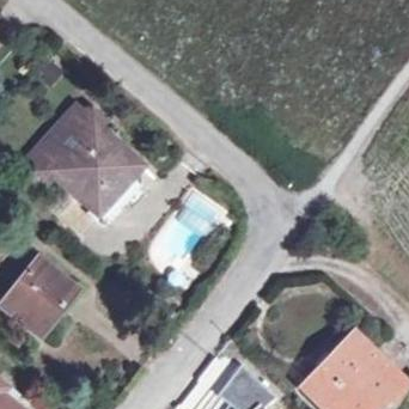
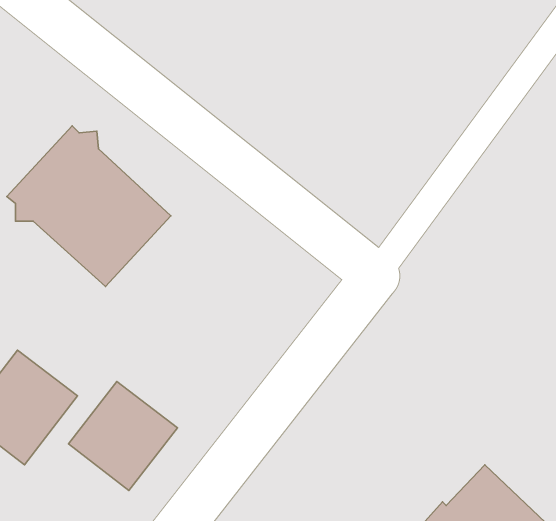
building: none -> [68,381,177,491]

